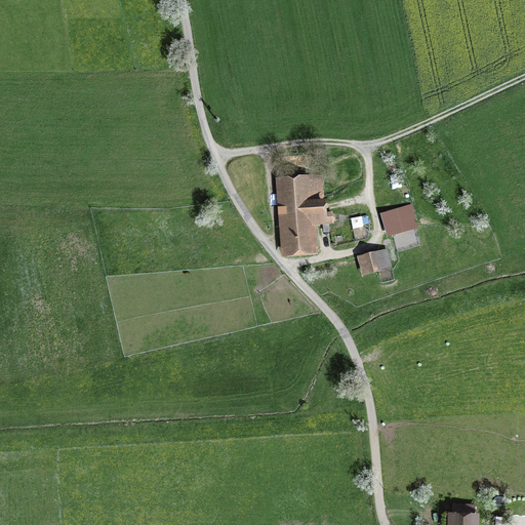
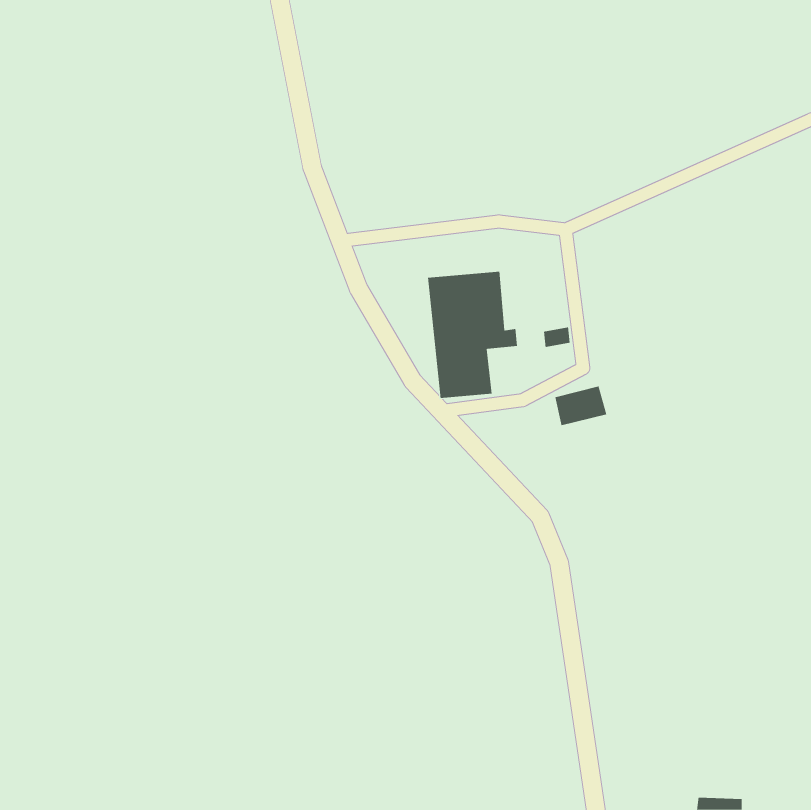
building: [381,207,418,238] -> none

